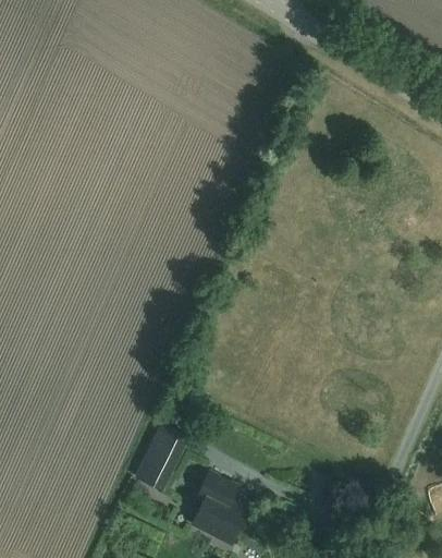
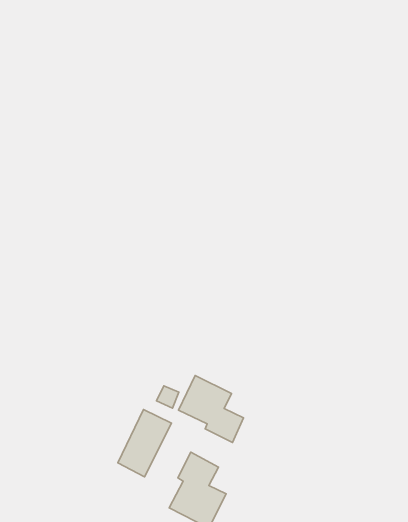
building: none -> [178,375,244,443]

